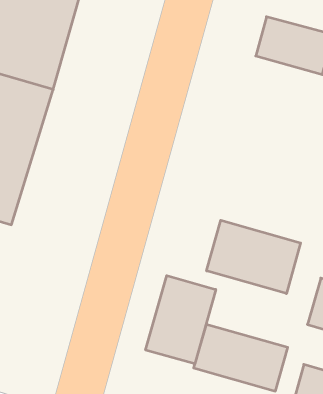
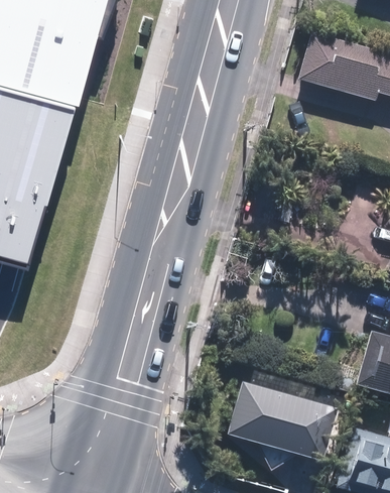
building: [207,220,301,294] -> none
building: [146,276,216,364] -> none

